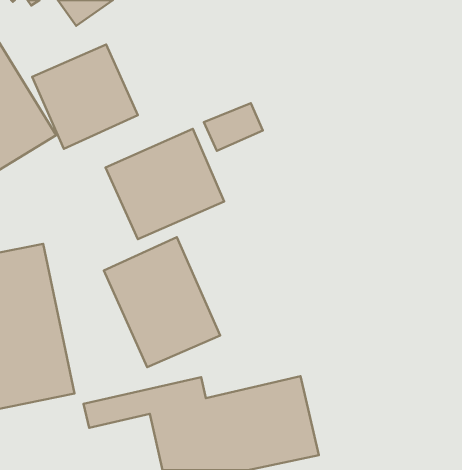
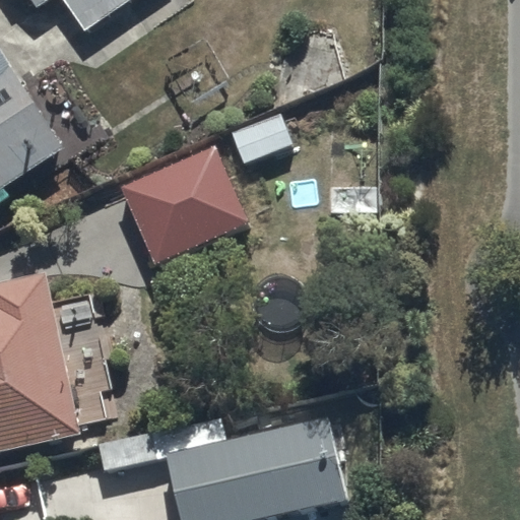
building: [32,44,138,149] -> none
building: [104,237,220,367] -> none

